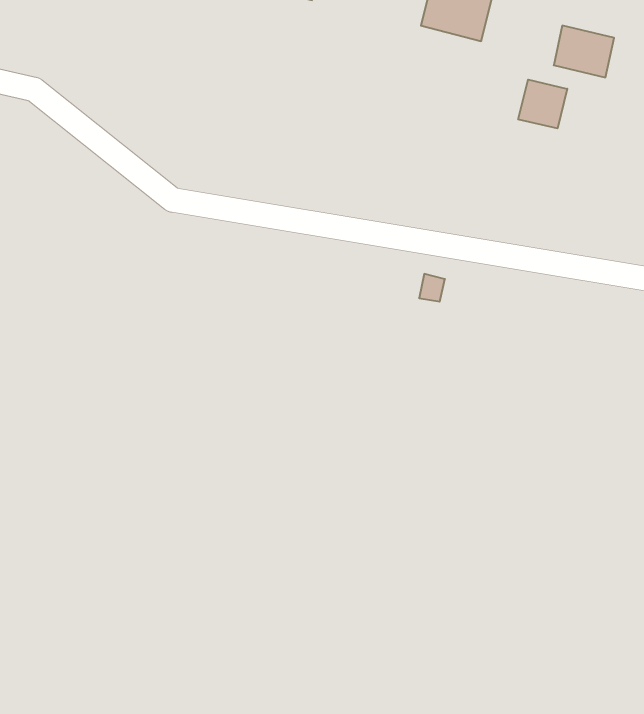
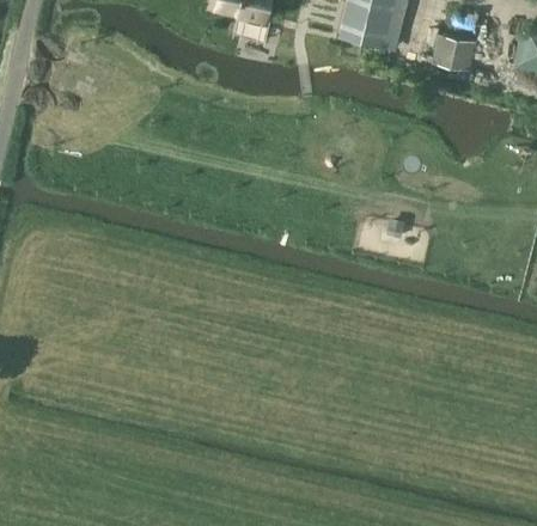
building: [518,80,567,128] -> none

